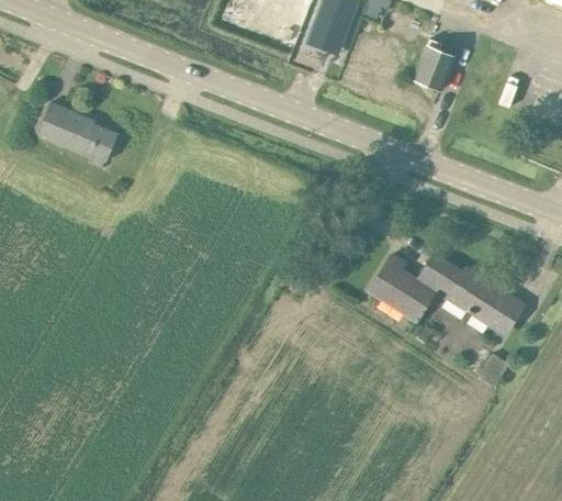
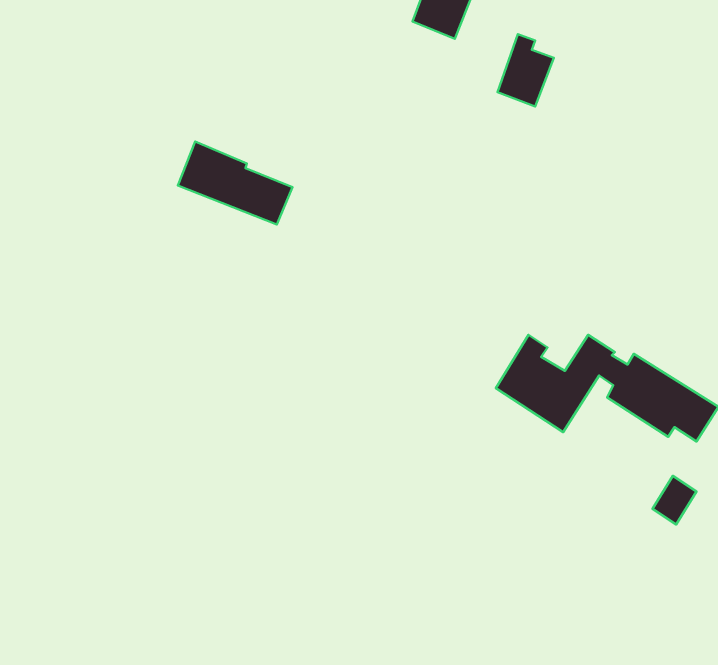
building: [415,38,454,89] -> [497,34,554,106]
building: [37,102,117,160] -> [178,142,292,225]

